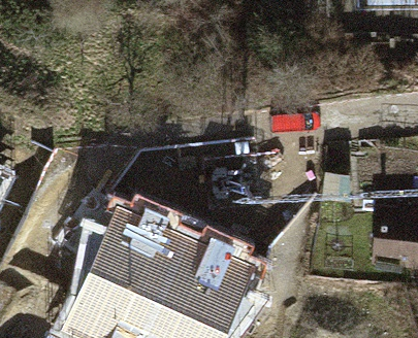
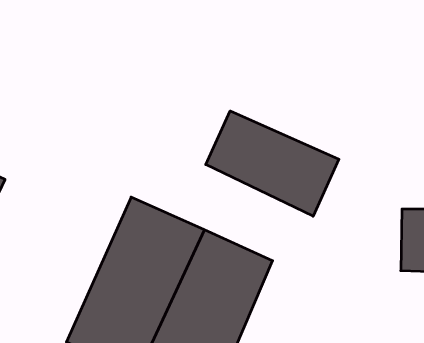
building: none -> [206,111,339,216]

